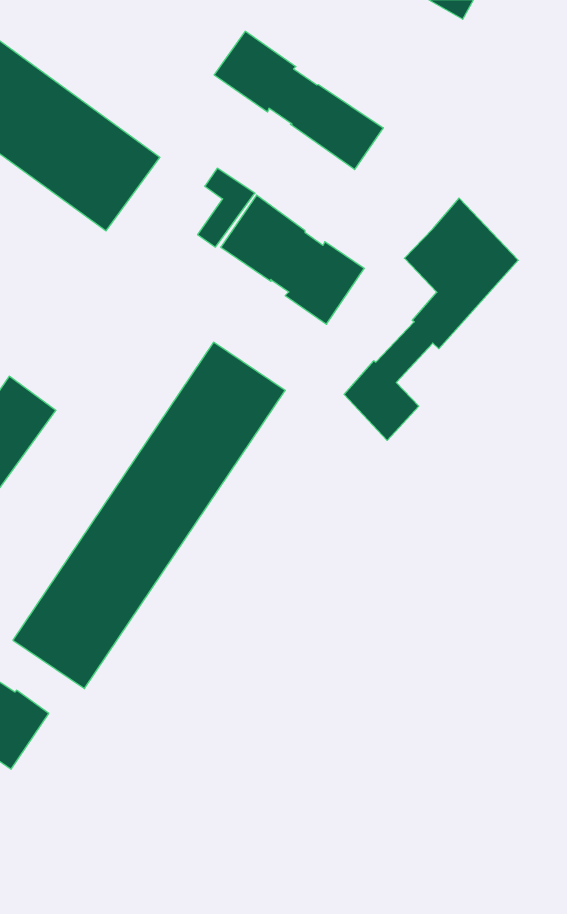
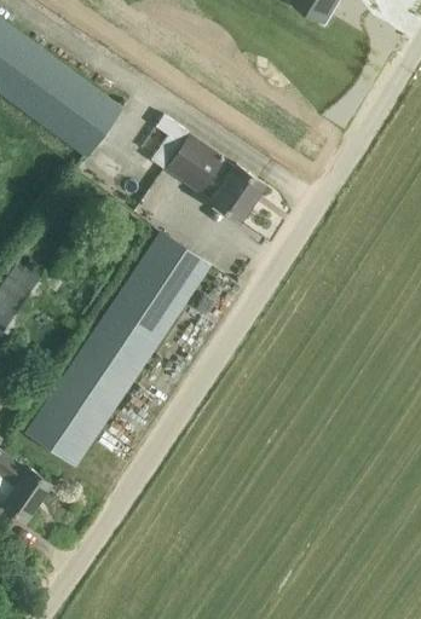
building: [214,31,383,170] -> none
building: [344,198,518,440] -> none

